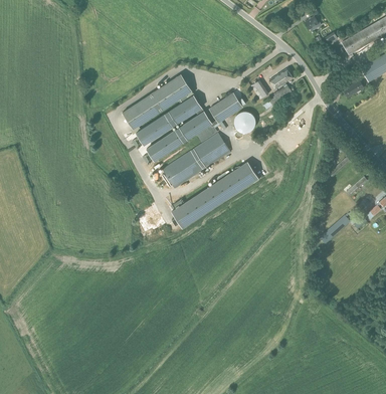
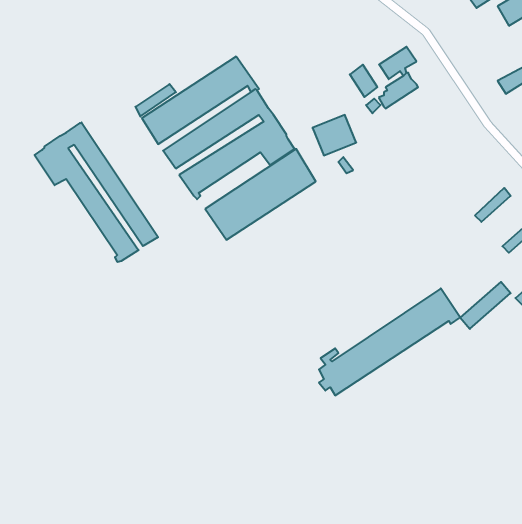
building: [209,92,242,126] -> none
building: none -> [35,122,158,262]
building: [172,161,259,227] -> [319,288,460,395]

